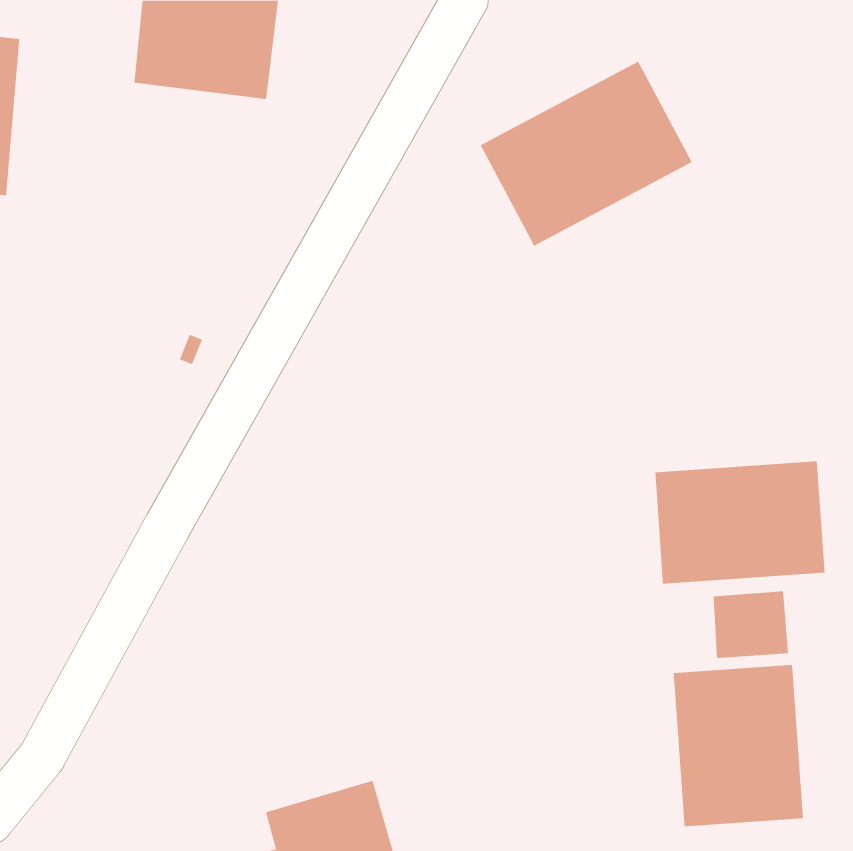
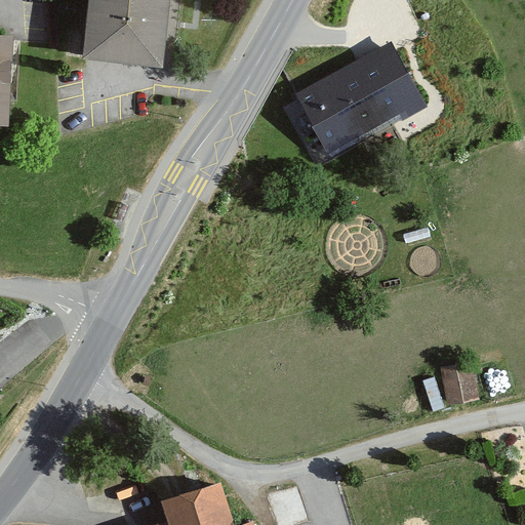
building: [655,460,825,585] -> none
building: [673,664,803,827] -> none

